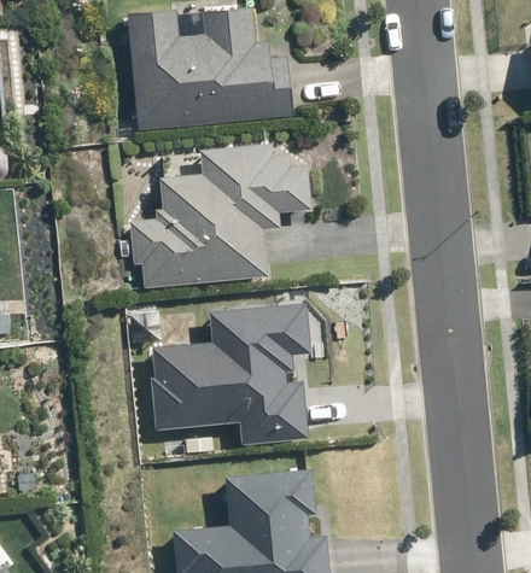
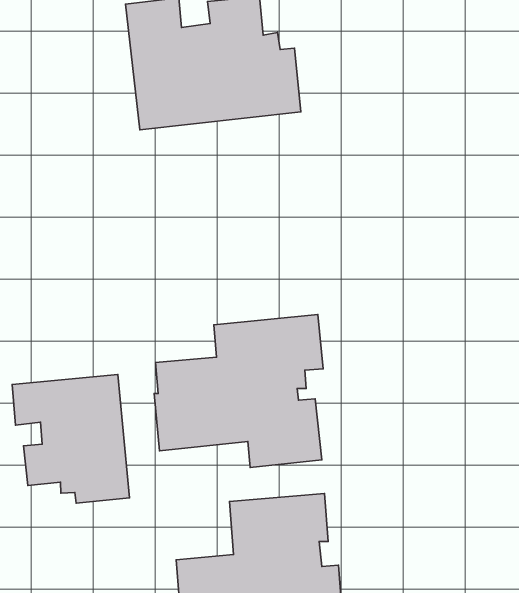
building: [130,142,309,288] -> none
building: none -> [12,374,129,503]

